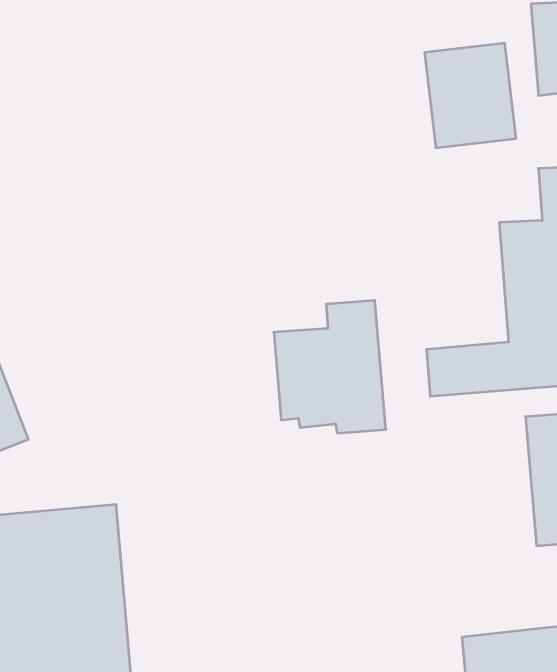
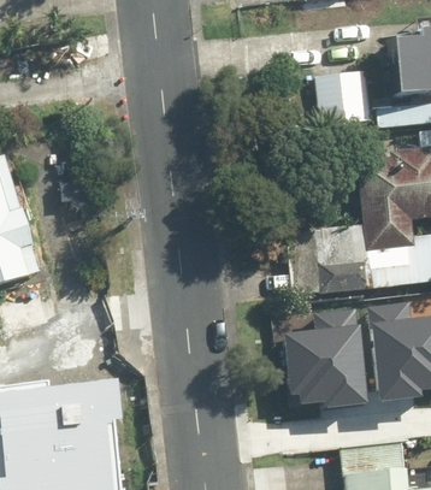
building: [274,300,386,433] -> [291,312,364,397]

